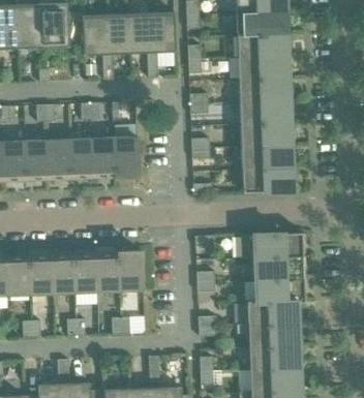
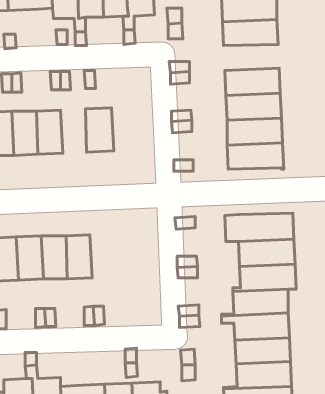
building: [239,78,290,101] -> none
building: [90,136,114,177] -> none
building: [117,250,143,290] -> none

